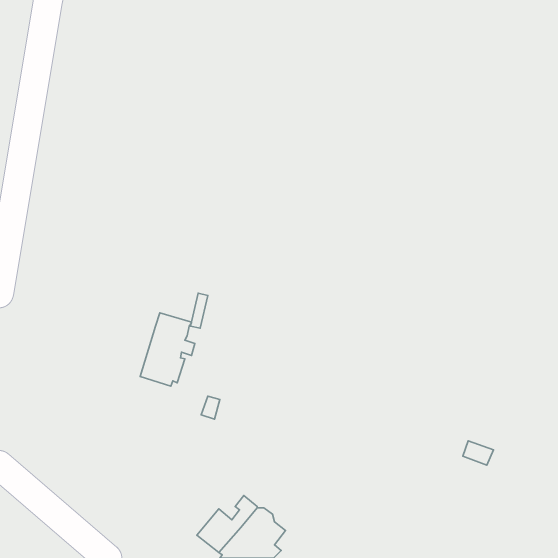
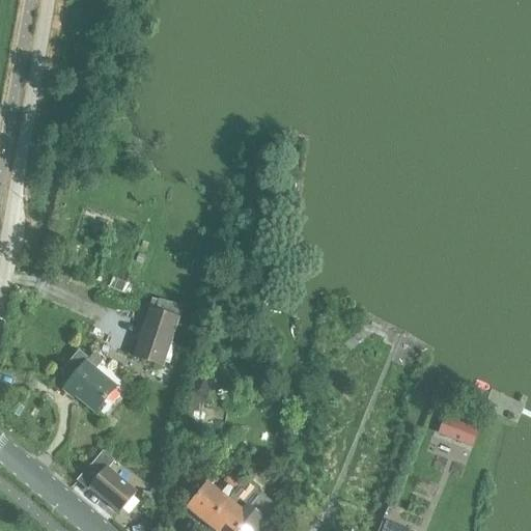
building: none -> [61,348,116,412]
building: none -> [89,450,135,511]

